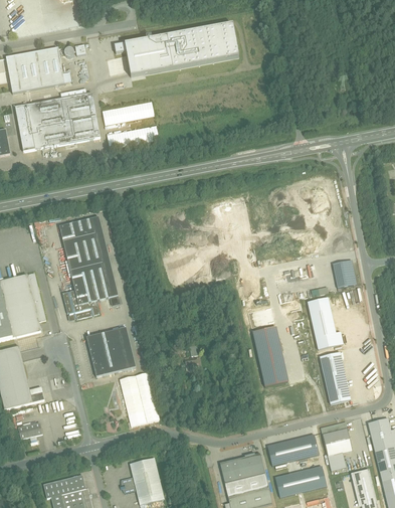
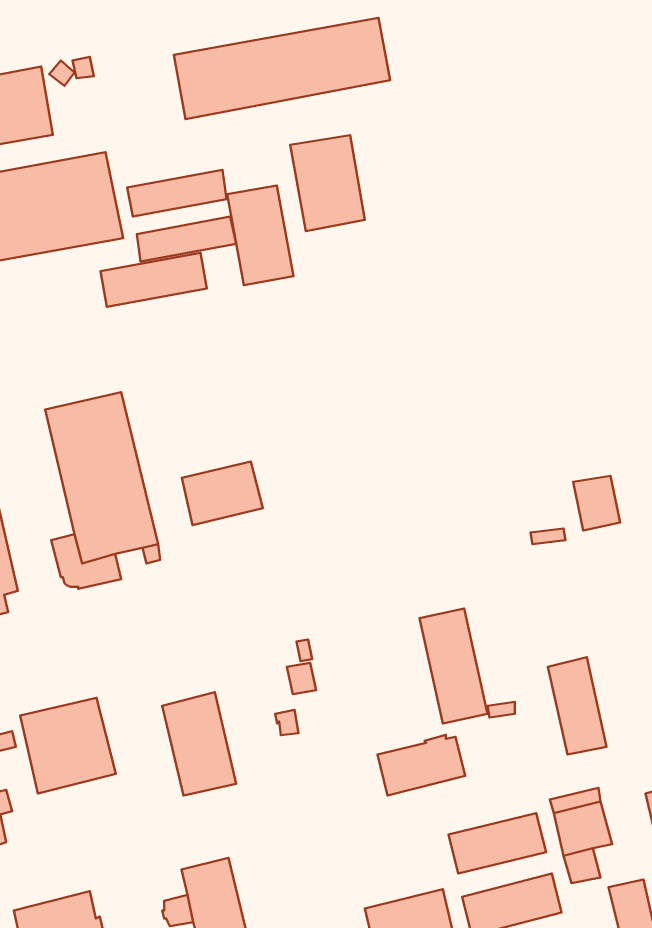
building: none -> [290,135,365,231]
building: none -> [227,185,294,285]
building: none -> [101,253,207,307]
building: none -> [182,462,263,525]
building: [310,297,341,347] -> none
building: [86,327,136,376] -> [20,698,116,793]
building: [219,452,264,483] -> [378,735,465,795]

